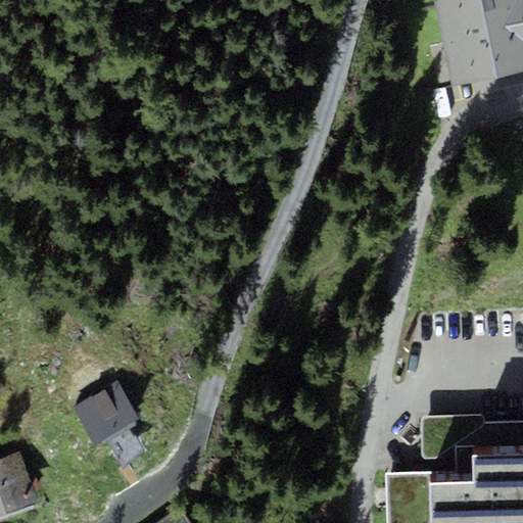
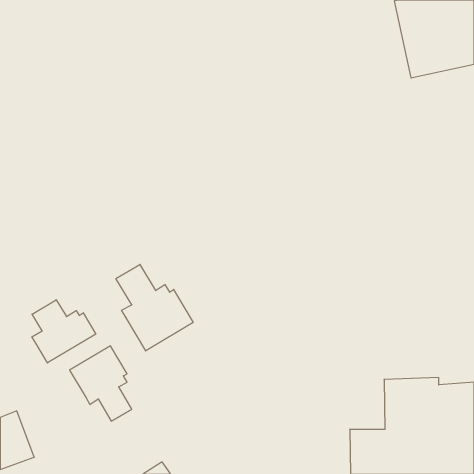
building: none -> [116,264,193,351]
building: none -> [32,300,96,363]

